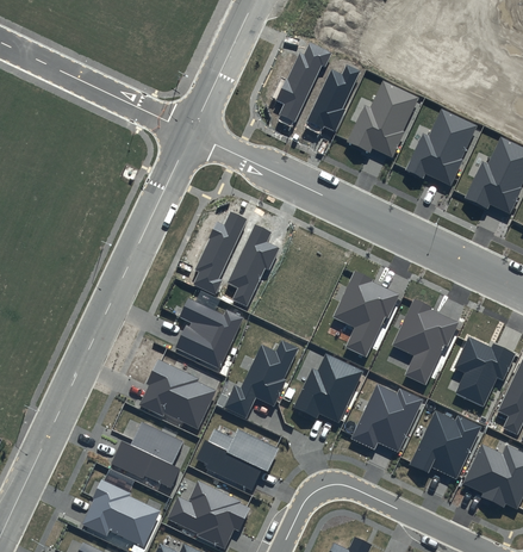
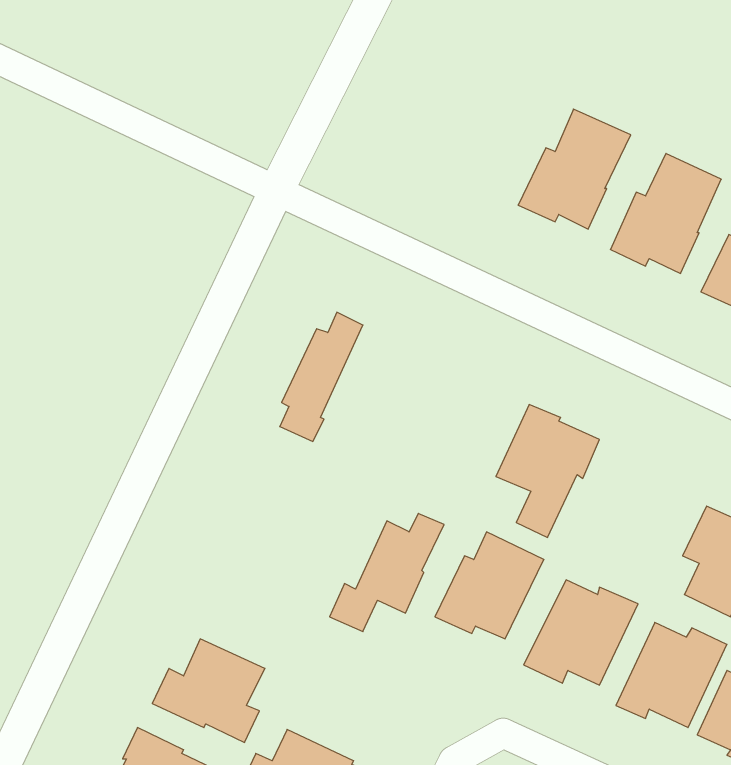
building: [274,43,330,123] -> none
building: [305,64,360,131] -> none
building: [226,224,279,308] -> none
building: [174,298,242,368] -> none
building: [391,298,459,385] -> none
building: [138,359,216,428] -> none
building: [195,429,279,491] -> none

